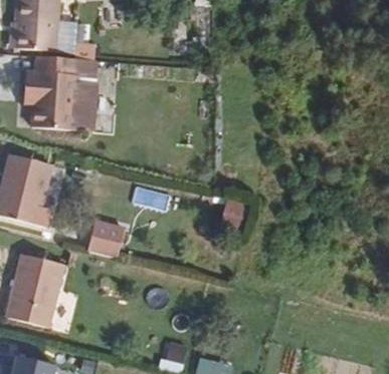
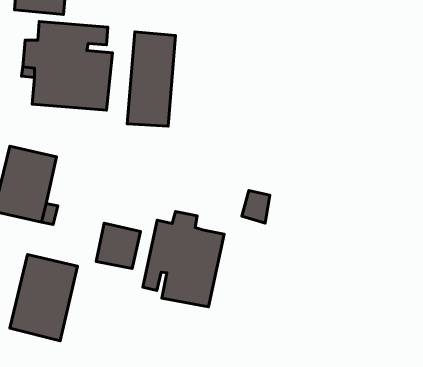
building: none -> [127,32,176,126]
building: none -> [143,211,224,307]

